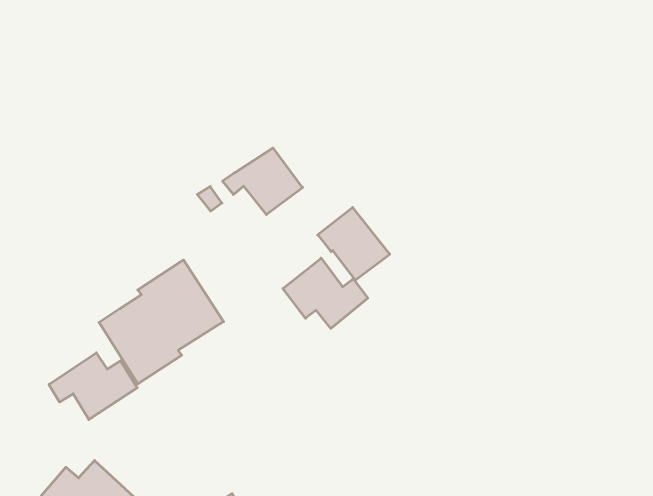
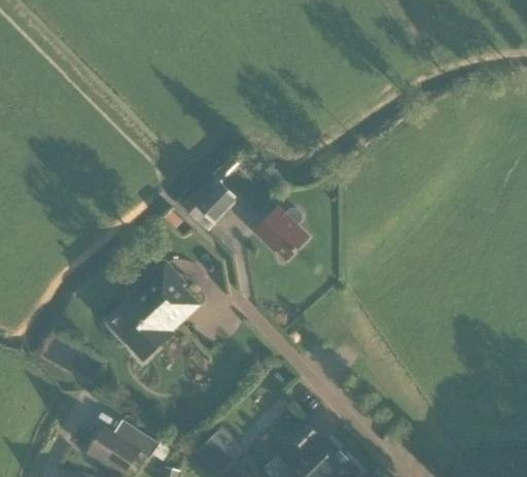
building: [283,258,368,328] -> none
building: [49,353,137,420] -> none

